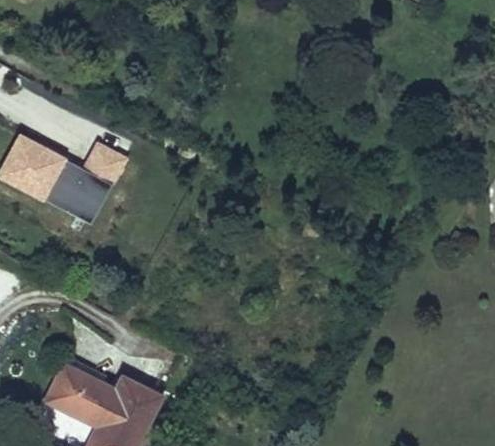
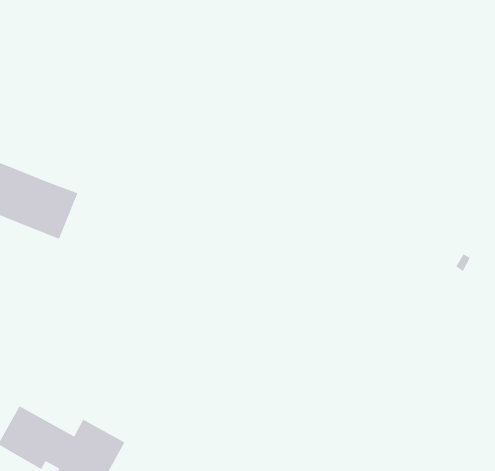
building: [90,141,126,176] -> none

